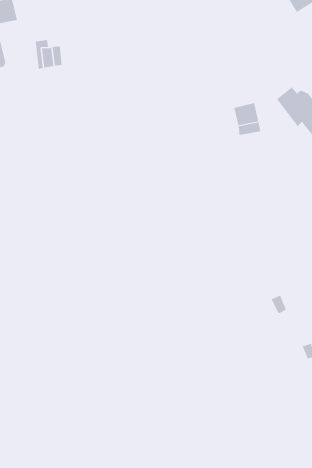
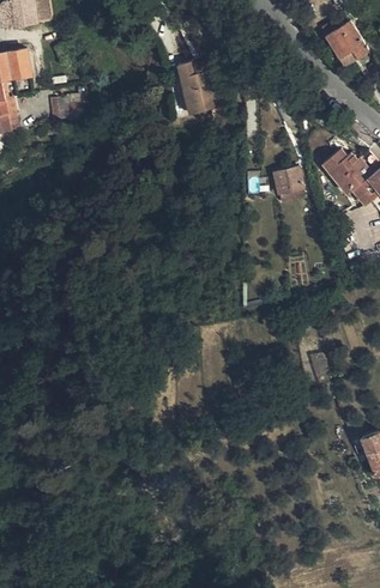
building: none -> [177,62,221,115]

